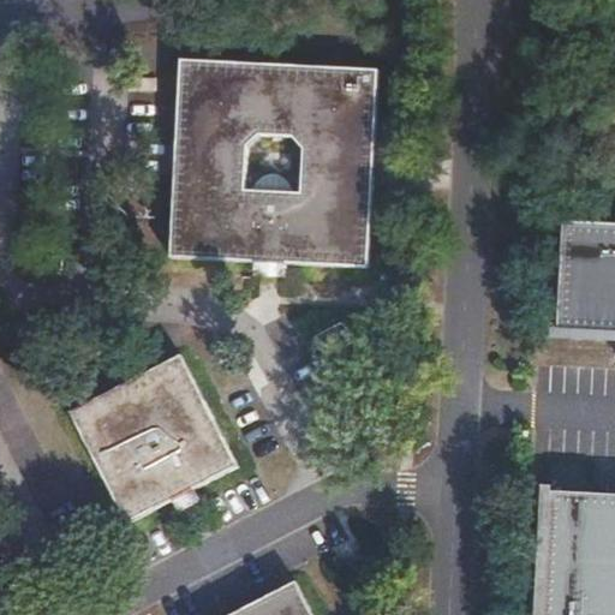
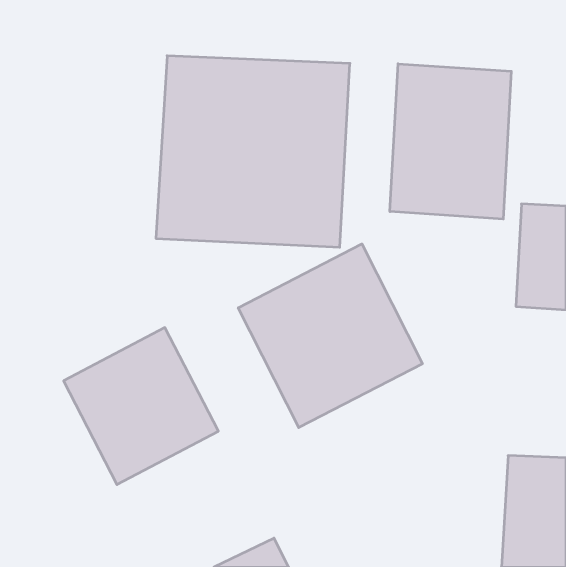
building: none -> [390,64,511,219]
building: none -> [238,244,422,428]

